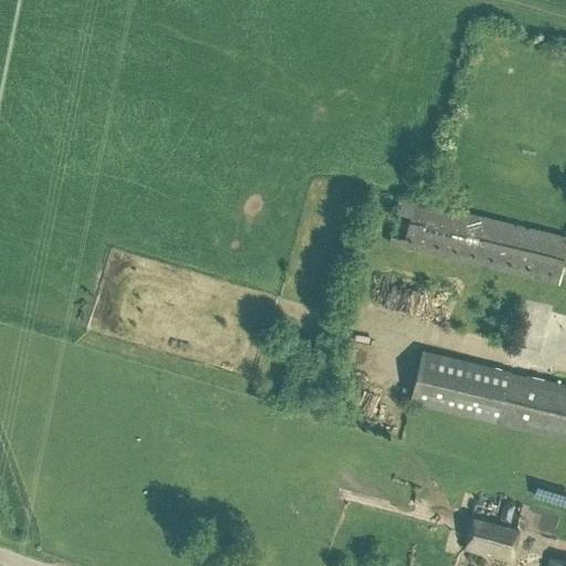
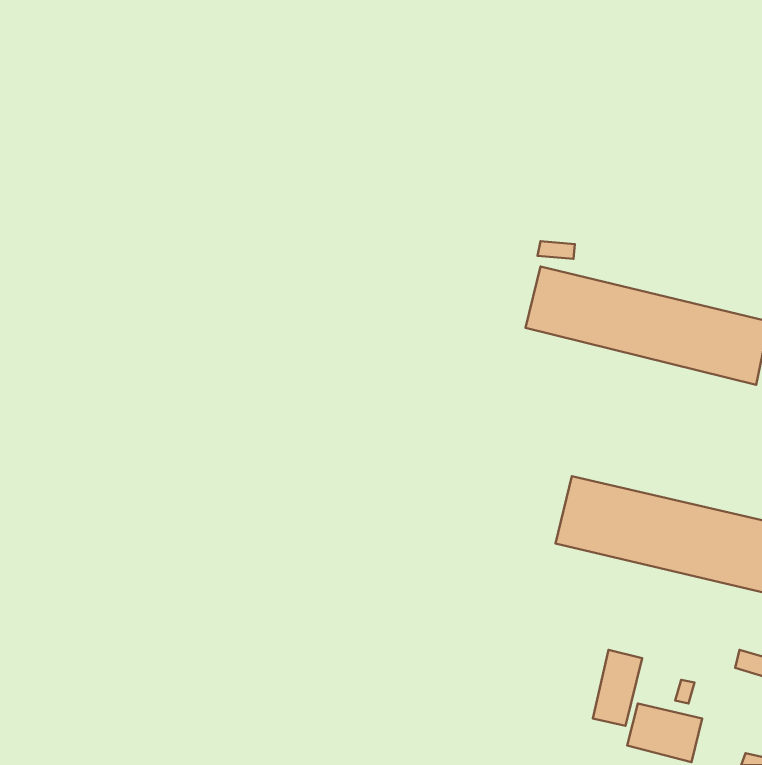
building: none -> [593,650,642,726]

